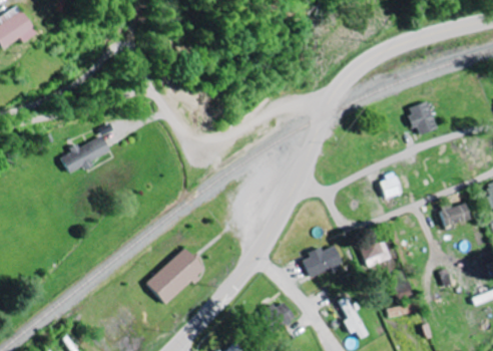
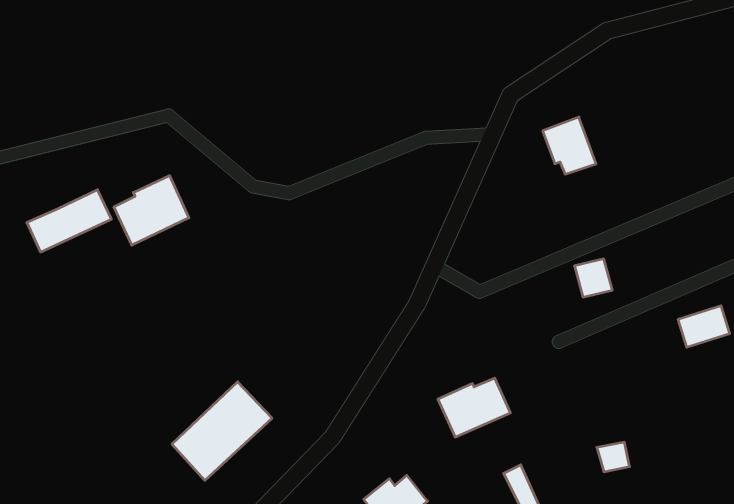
building: [407,101,438,134] -> [543,117,596,174]
building: none -> [114,176,189,245]
building: [356,232,390,268] -> none

